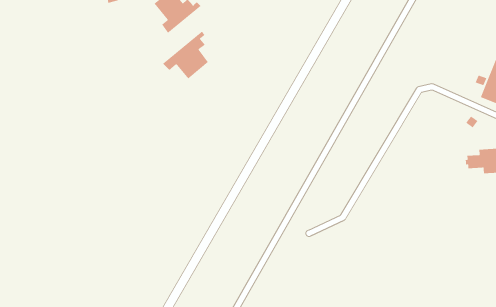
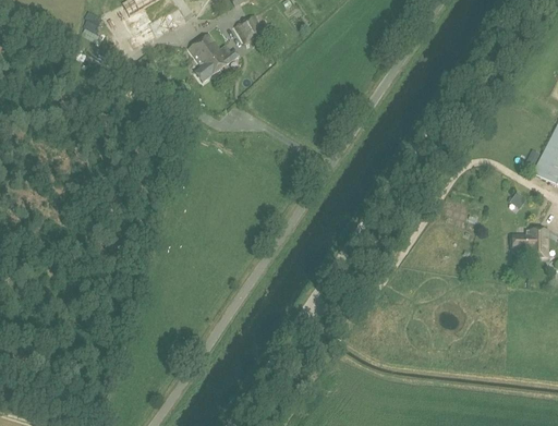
building: [162,31,209,79] -> none

